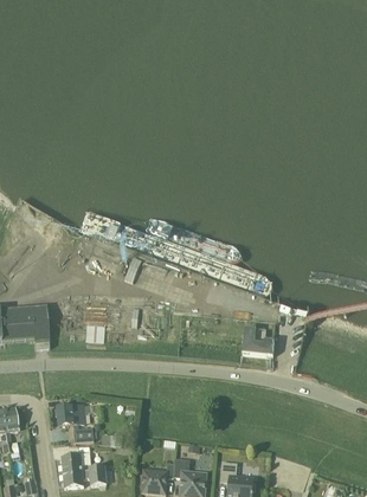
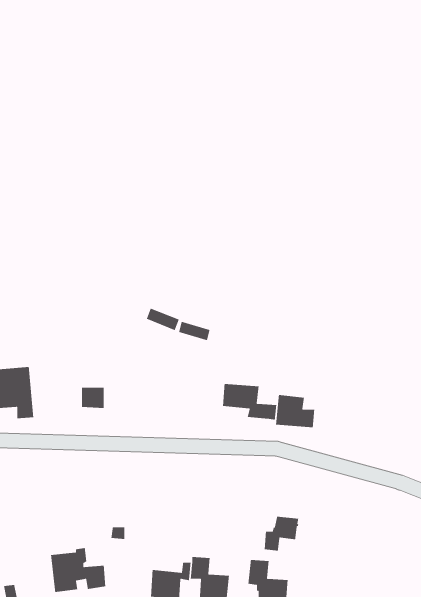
building: none -> [222,383,277,421]
building: [53,402,94,440] -> none
building: none -> [264,516,299,552]

